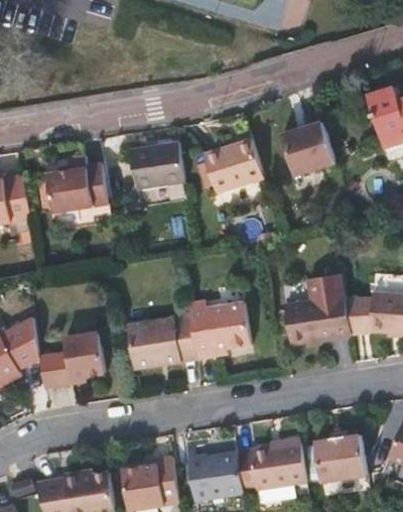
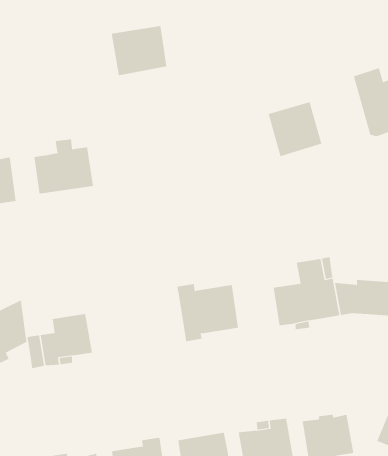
building: [203,135,262,190] -> none
building: [126,138,182,188] -> [111,25,167,76]
building: [128,315,197,369] -> none

